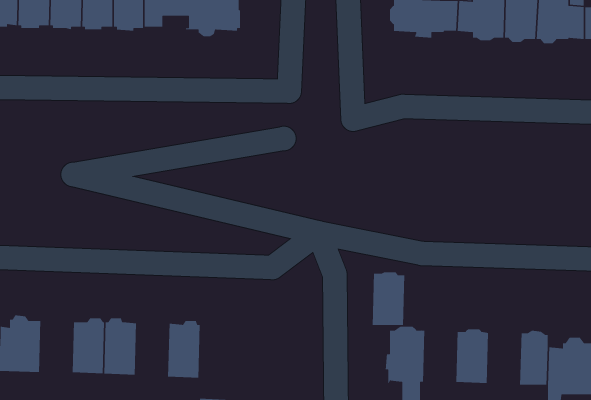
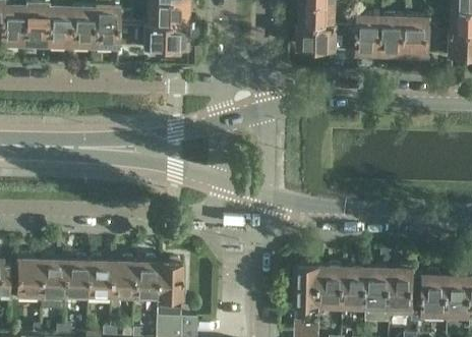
building: [372,272,405,326] -> [321,266,346,305]
building: none -> [40,257,64,311]
building: none -> [110,259,134,301]
building: none -> [157,260,184,302]
building: none -> [368,267,393,307]

